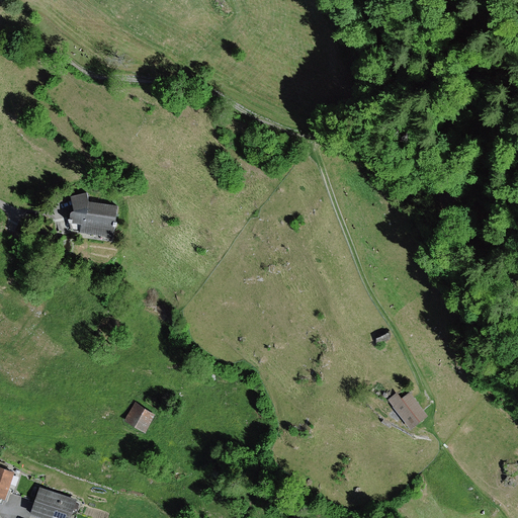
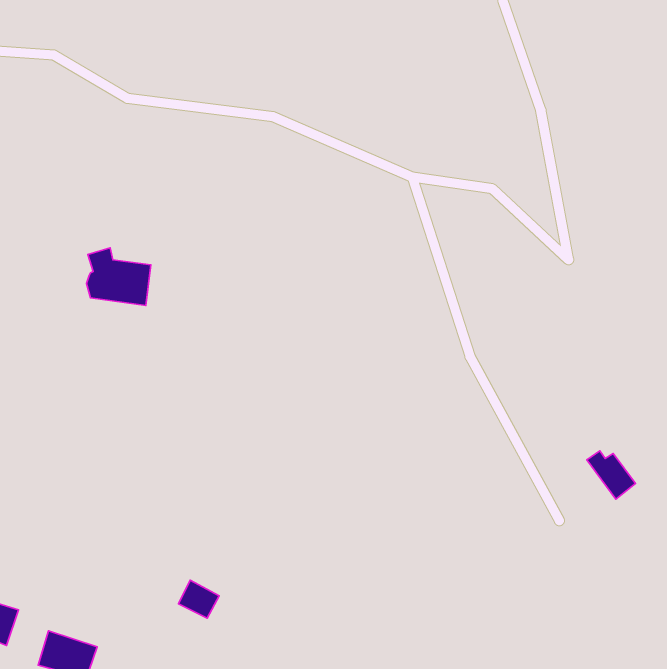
building: [392,393,429,430] -> [587,451,635,499]
building: [123,402,155,431] -> [178,580,219,618]

